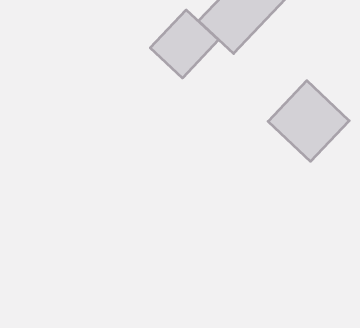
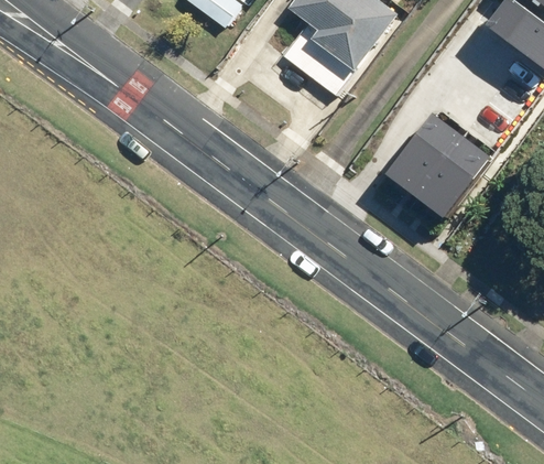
building: [150,10,218,78] -> none

